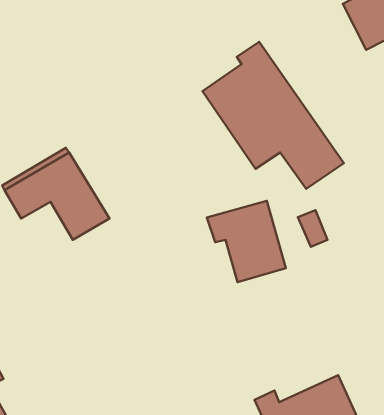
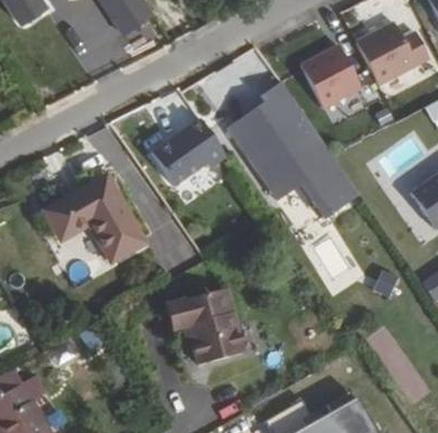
building: none -> [306,48,365,111]
building: none -> [150,115,225,183]
building: [207,201,286,282] -> [171,288,244,364]

